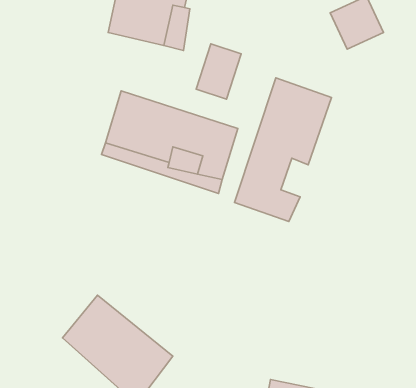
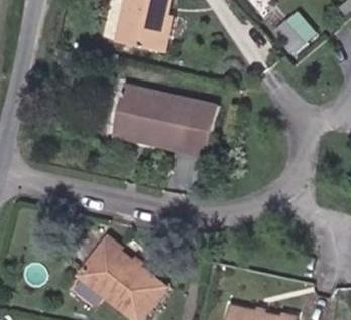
building: [196,44,241,99] -> none
building: [234,78,332,221] -> none

